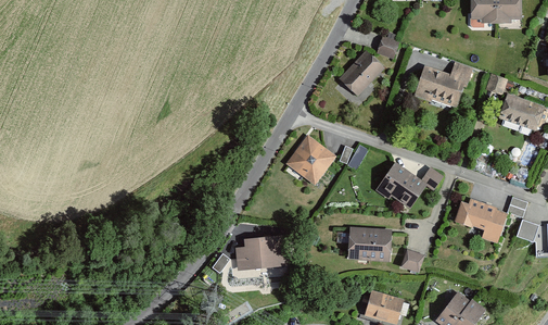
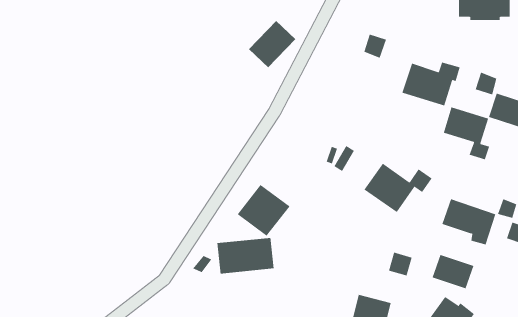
building: [337,49,384,96] -> [248,20,296,68]
building: none -> [443,107,490,160]
building: [284,135,336,186] -> [237,184,290,236]
building: [347,227,393,262] -> none
building: none -> [432,254,474,289]

